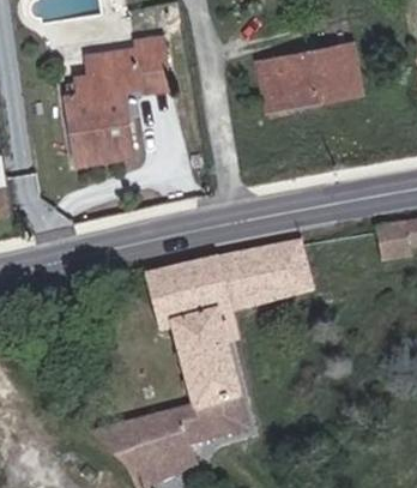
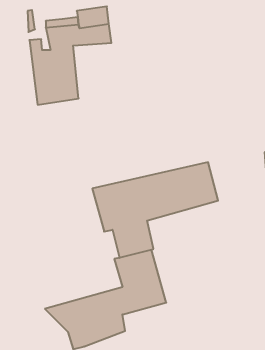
building: [258,47,358,113] -> none

